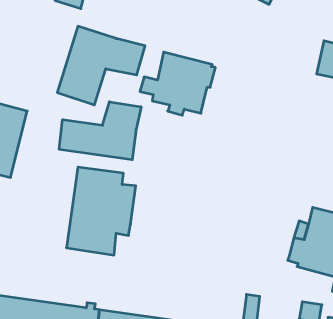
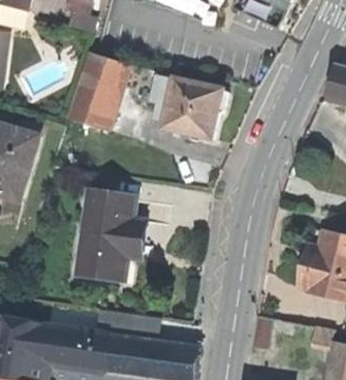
building: [59,102,141,160] -> none

